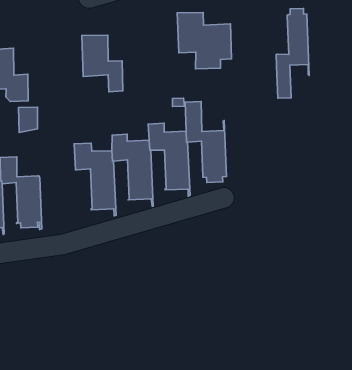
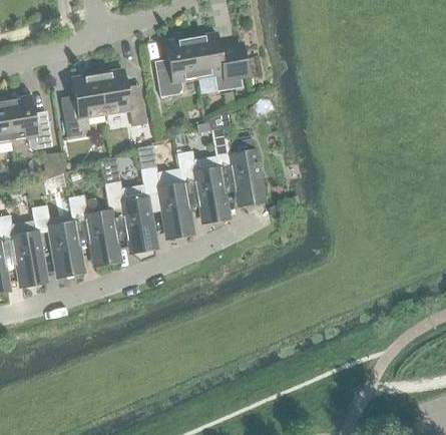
building: [276,8,309,98] -> none
building: none -> [155,38,197,97]
building: none -> [62,74,104,138]
building: none -> [68,194,119,264]

